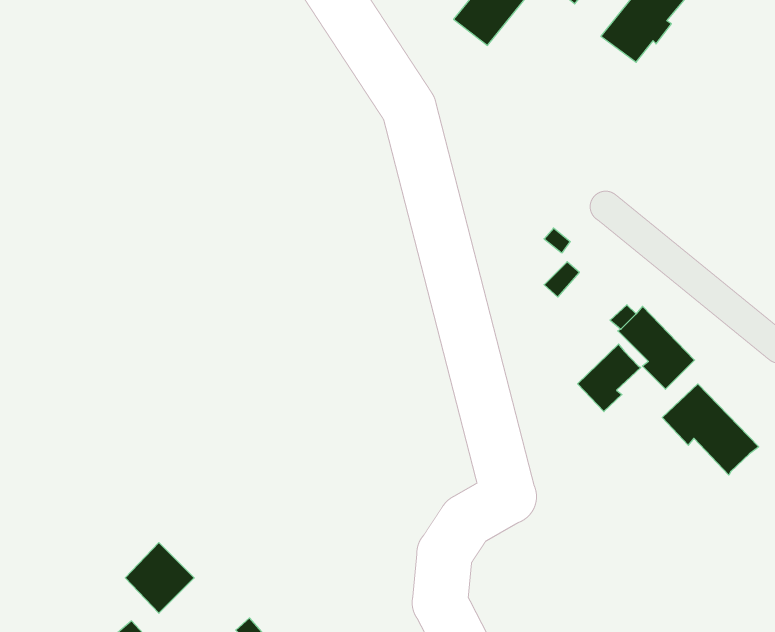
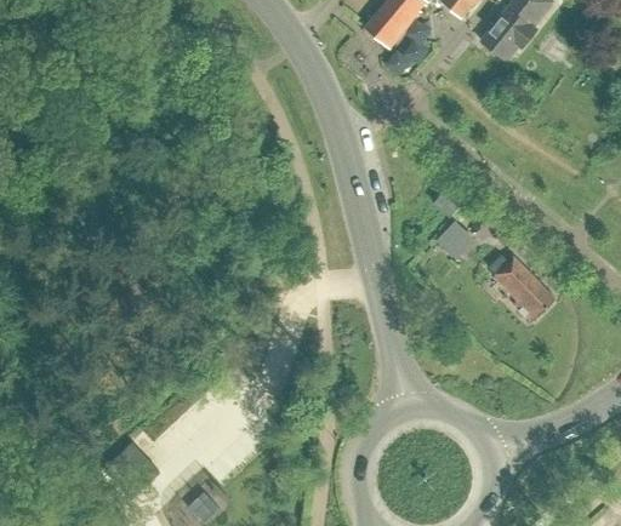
building: [578,344,641,412] -> none
building: [662,384,759,475] -> none

